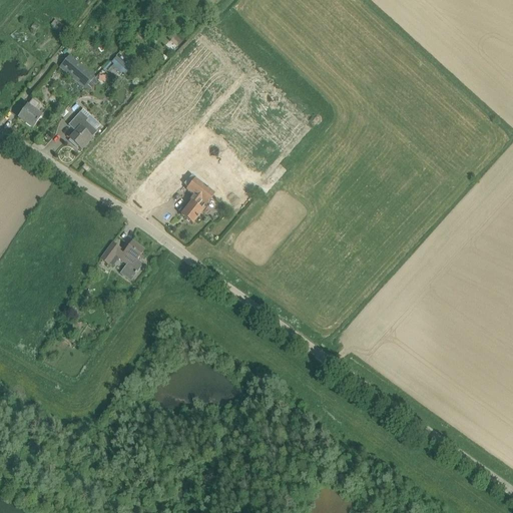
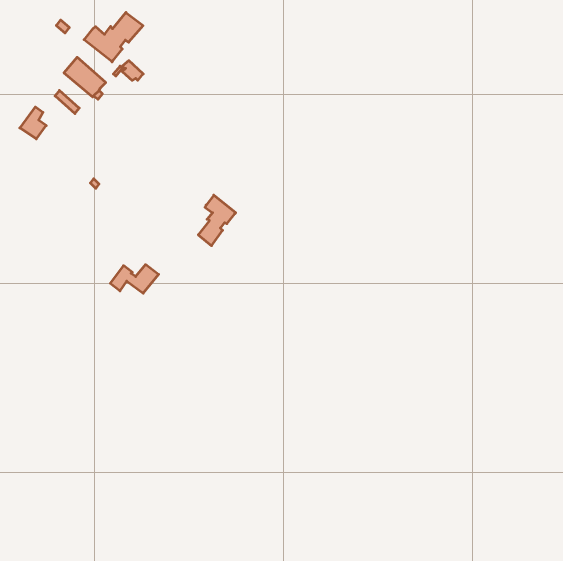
building: none -> [84,12,143,62]
building: [68,110,97,147] -> none

